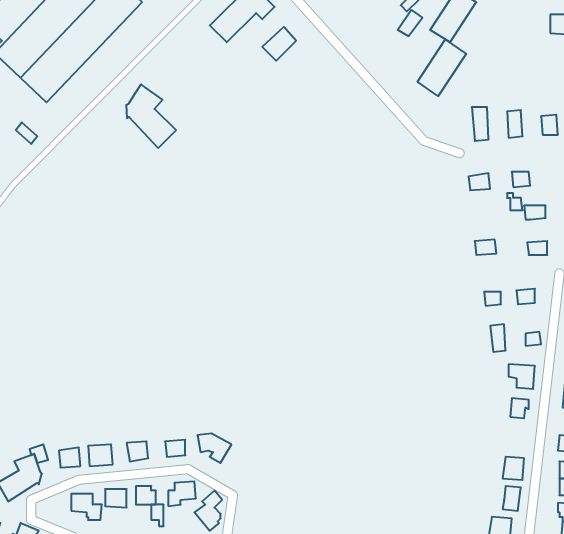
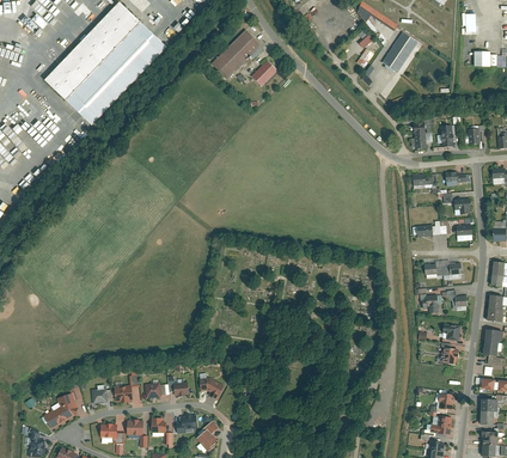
building: [418,39,466,96] -> none
building: [126,84,176,148] -> none

